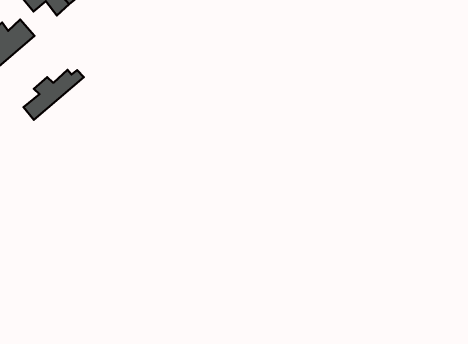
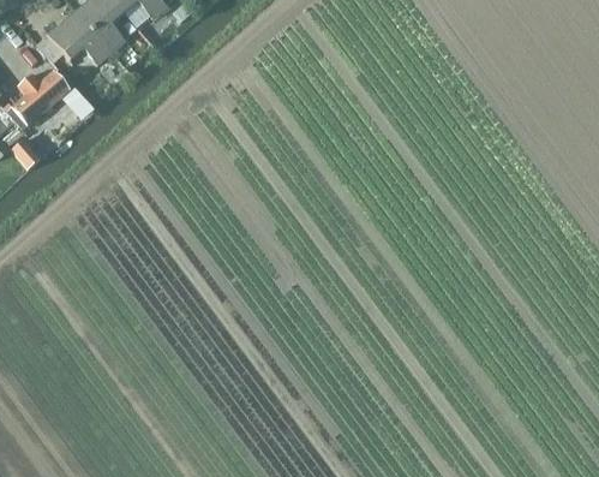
building: [24,70,84,120] -> none

